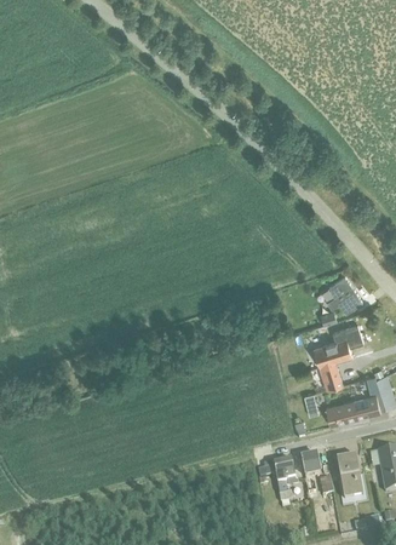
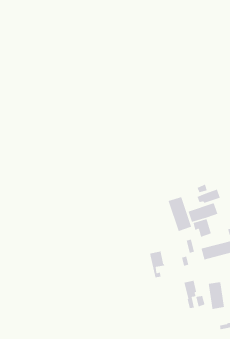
building: [322,276,362,312] -> none
building: none -> [167,196,193,232]
building: [275,460,299,501] -> [149,251,165,278]

